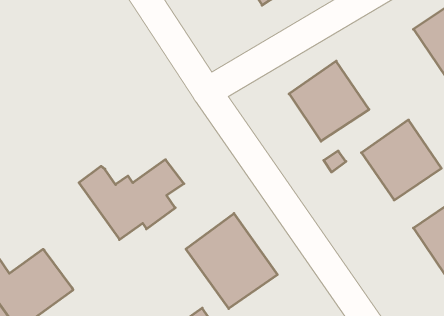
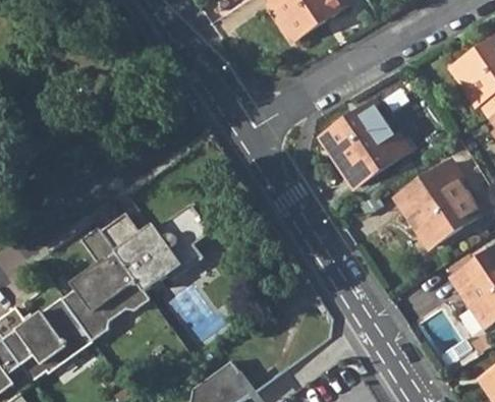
building: none -> [62,226,149,340]
building: [186,213,277,309] -> none

